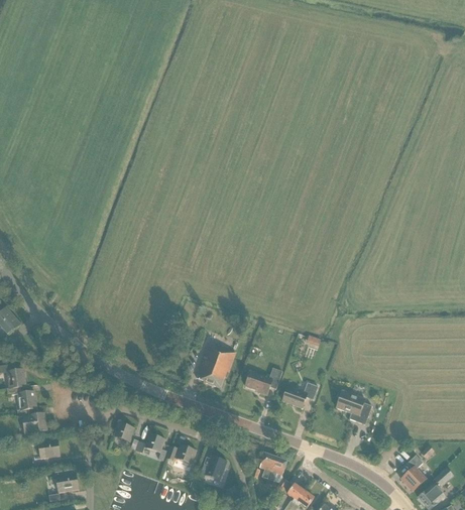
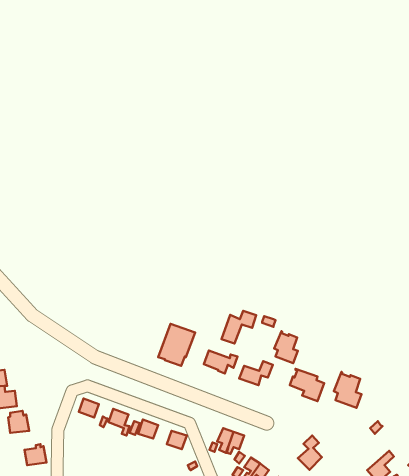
building: none -> [222,311,256,343]
building: none -> [274,331,298,363]
building: none -> [334,372,362,408]
building: [399,455,425,491] -> [298,435,322,470]

